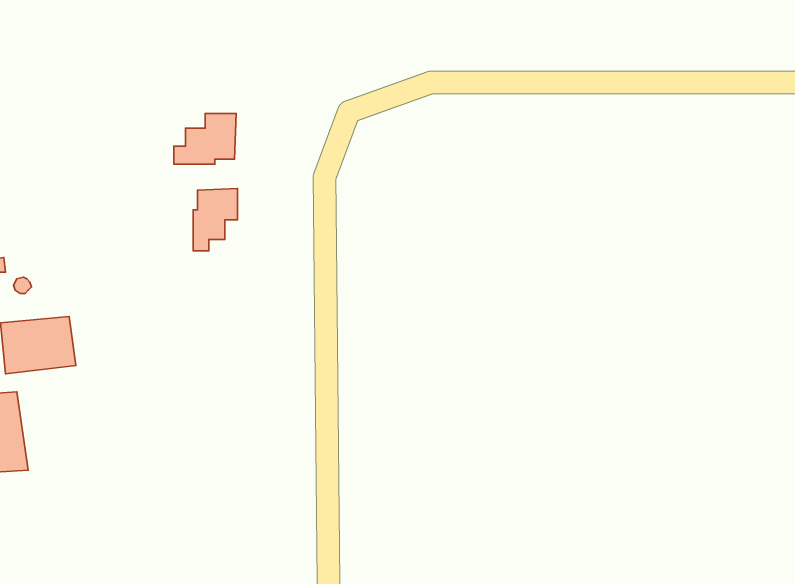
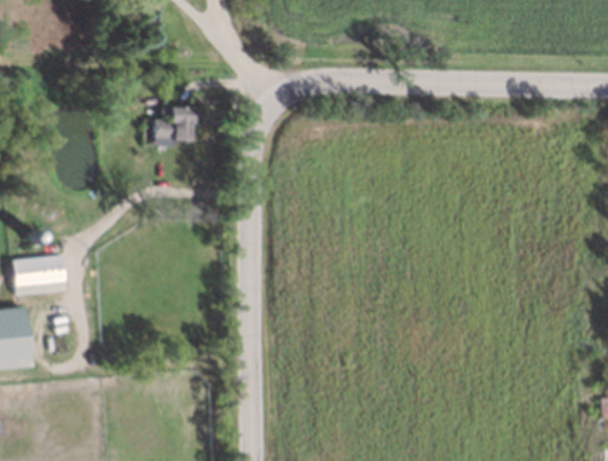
building: [193,189,238,251] -> none

